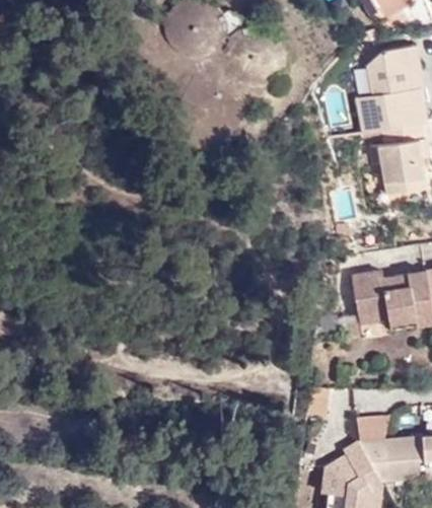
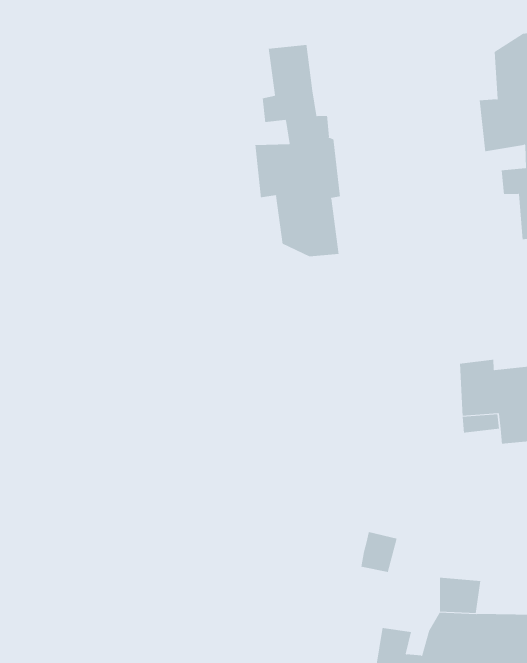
building: none -> [255,44,341,257]

